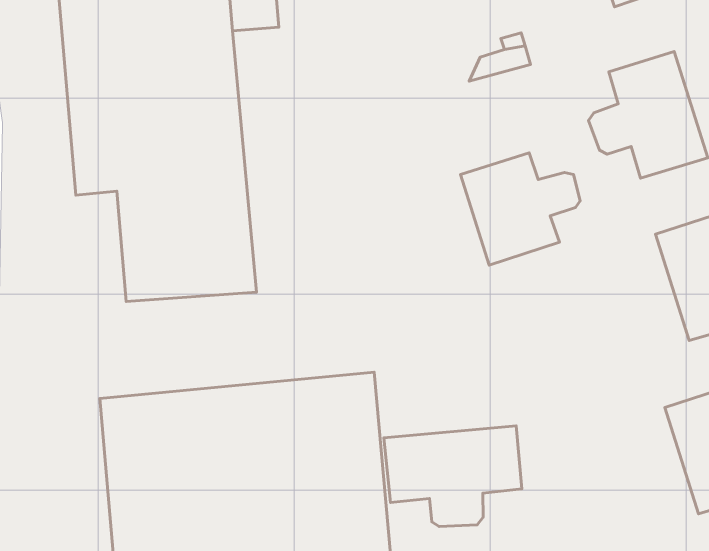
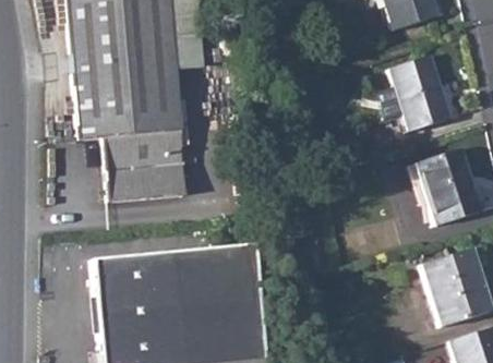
building: [461,153,580,265] -> none
building: [384,426,522,527] -> none

